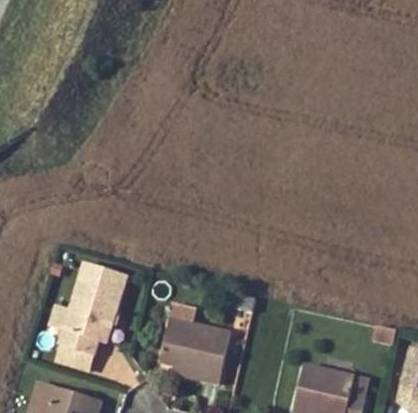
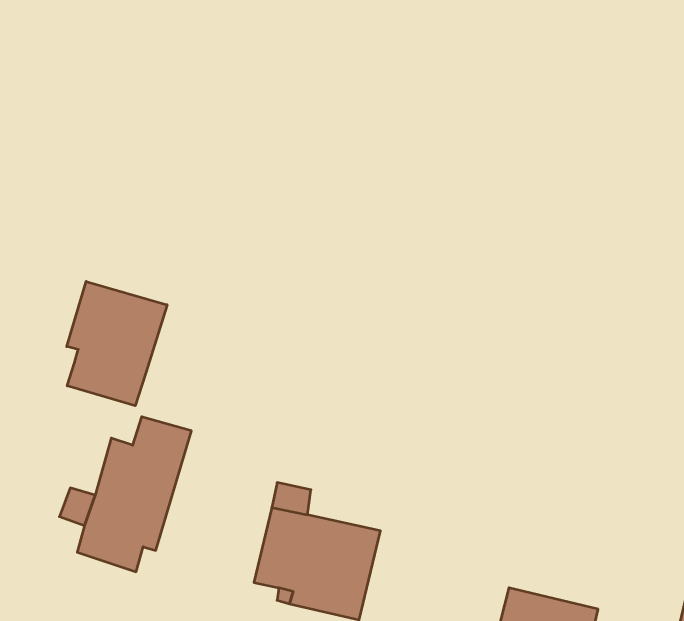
building: none -> [67,281,167,406]

